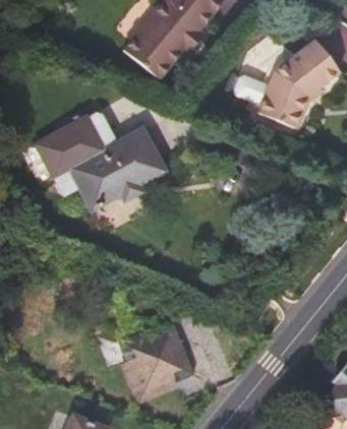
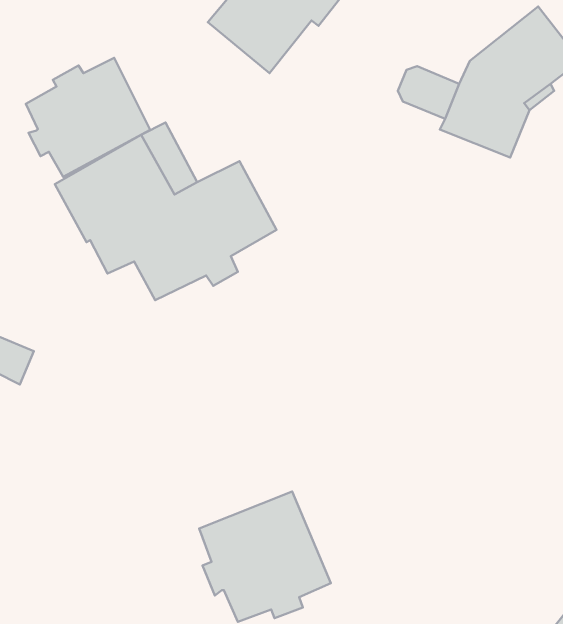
building: none -> [26,58,150,177]

